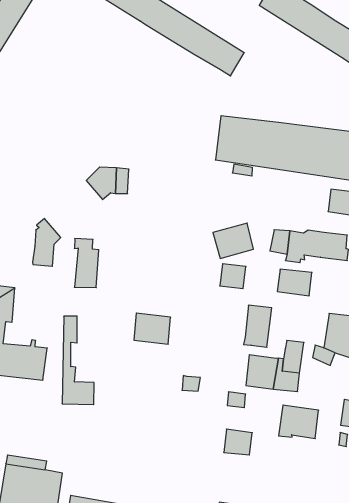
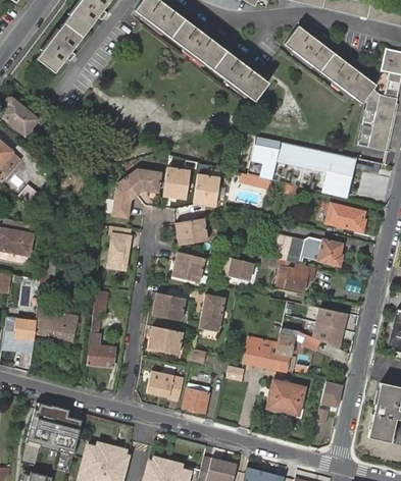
building: none -> [163,166,191,199]
building: none -> [194,174,220,206]
building: [33,218,61,266] -> [112,177,138,218]
building: [213,223,253,258] -> [176,217,208,245]
building: none -> [172,252,206,282]
building: [244,305,272,347] -> [199,295,225,331]
building: none -> [148,325,184,355]
building: none -> [148,371,186,400]
building: [224,429,252,455] -> [184,388,209,412]

